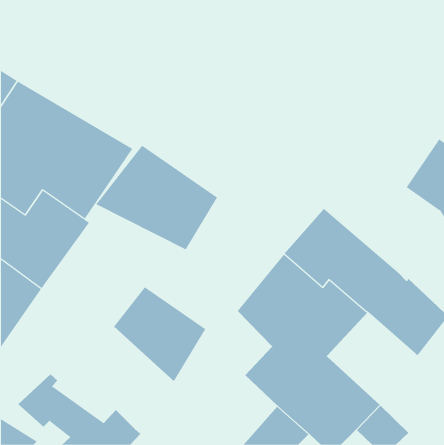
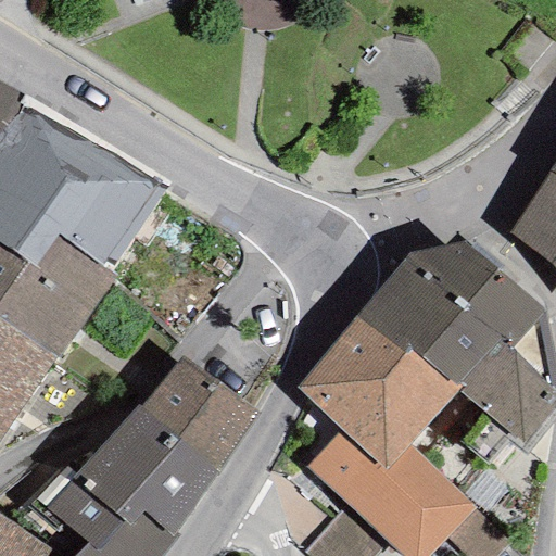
building: [95,145,218,250] -> none
building: none -> [405,242,544,350]
building: none -> [67,403,218,535]

